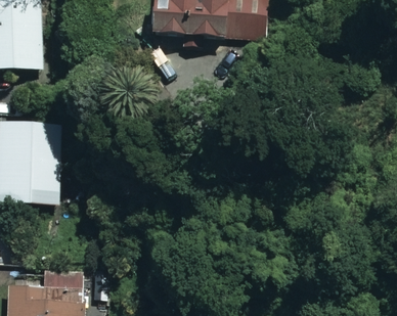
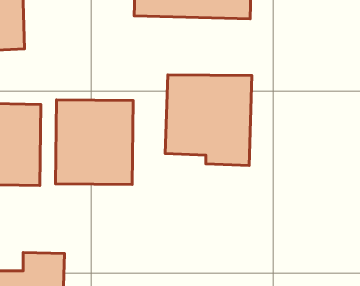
building: none -> [165,75,252,165]
building: none -> [55,100,133,184]

